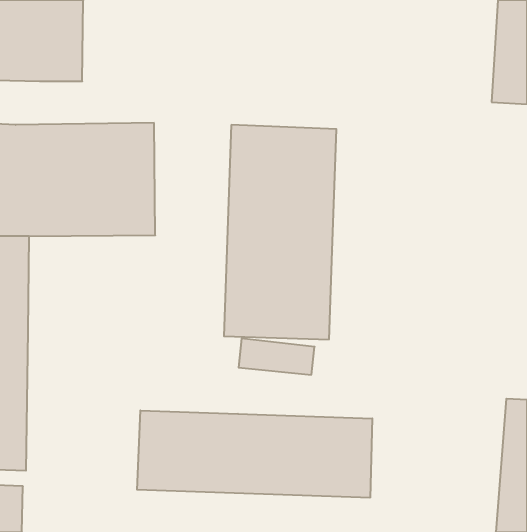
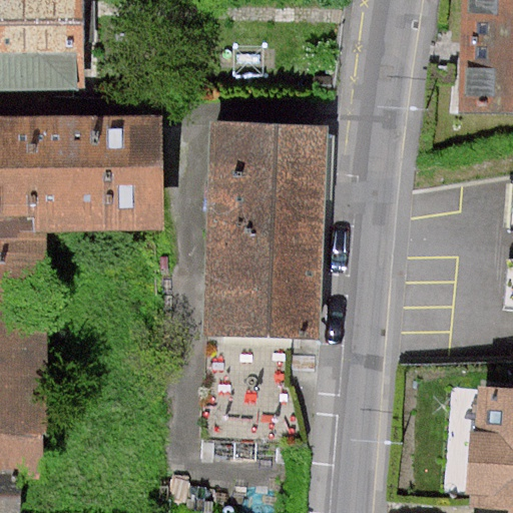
building: [137,410,372,498] -> none

